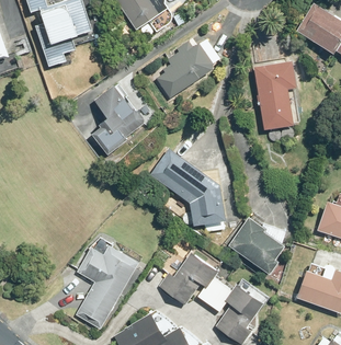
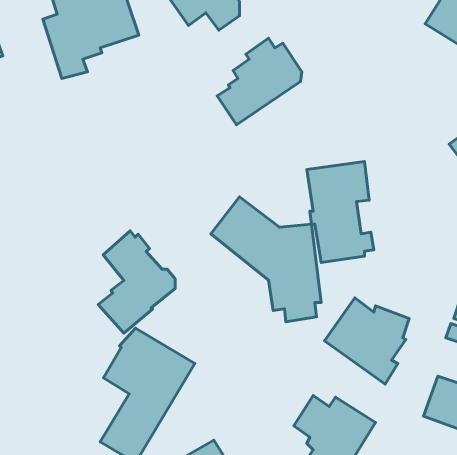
building: [254,60,300,129] -> [307,162,374,263]
building: [91,83,144,153] -> [98,231,175,333]
building: [159,252,220,304] -> none

